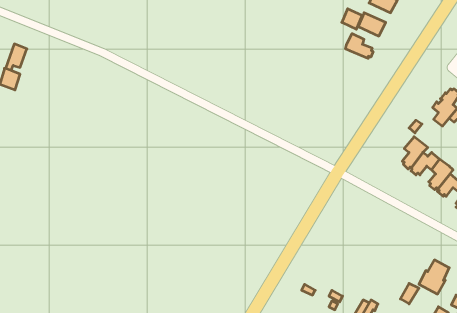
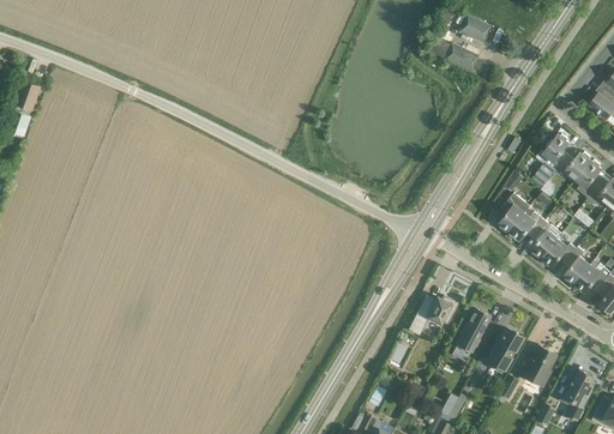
building: [346,34,373,58] -> none
building: none -> [408,296,458,337]
building: none -> [456,309,490,352]
building: none -> [486,328,520,369]

